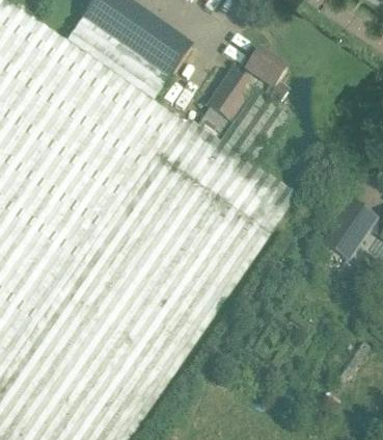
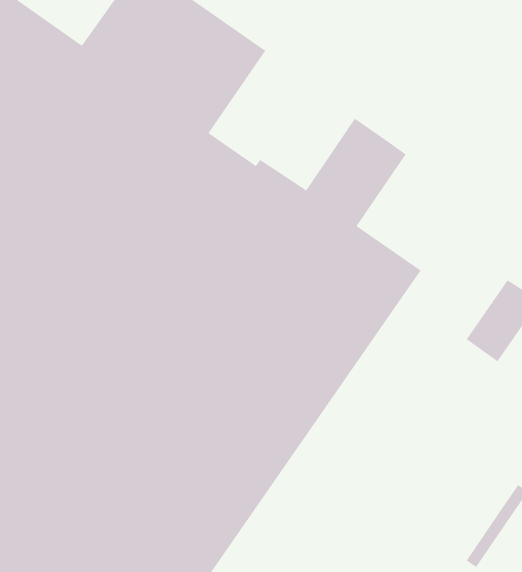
building: [194,49,285,140] -> none

